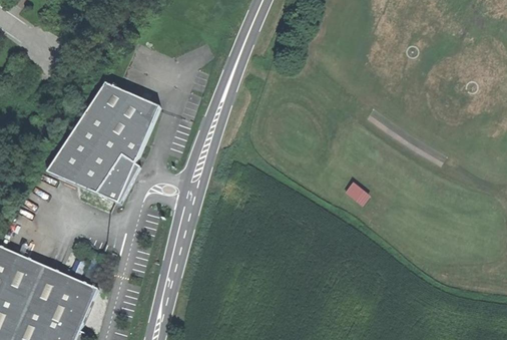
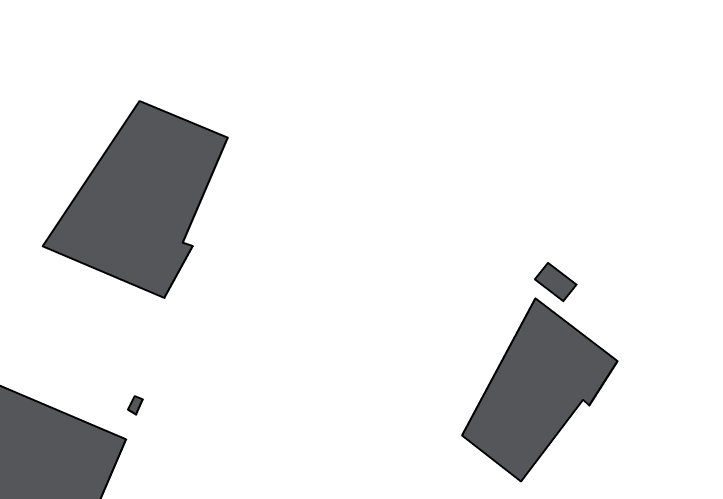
building: none -> [462,298,617,481]

